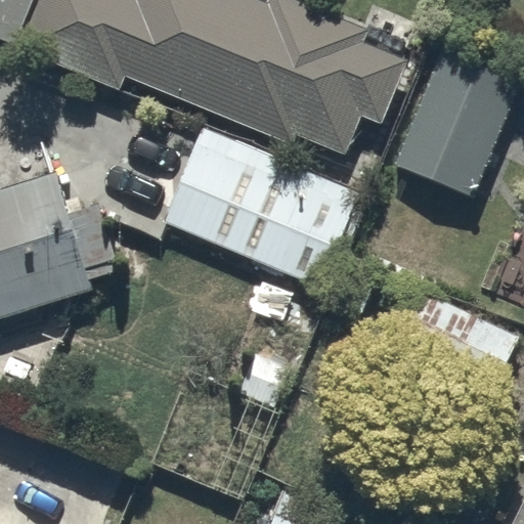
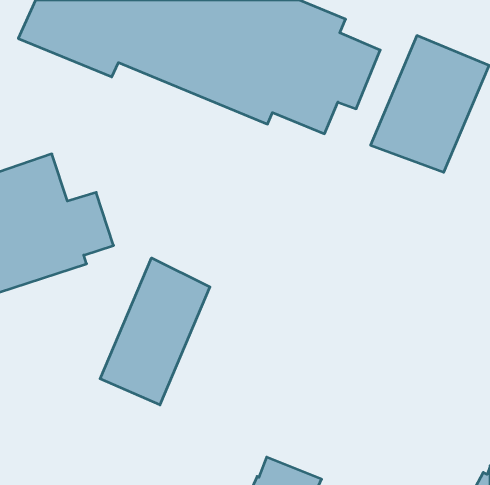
building: [162,126,362,289] -> none
building: none -> [100,258,210,405]

